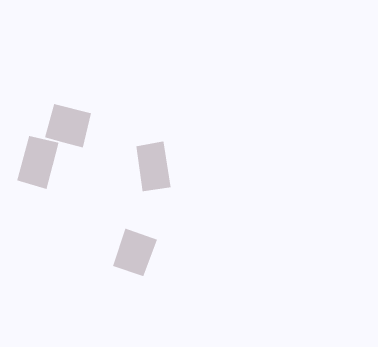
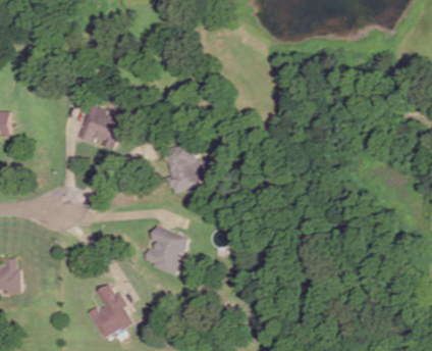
building: [16,135,59,190] -> none
building: none -> [90,285,132,337]

